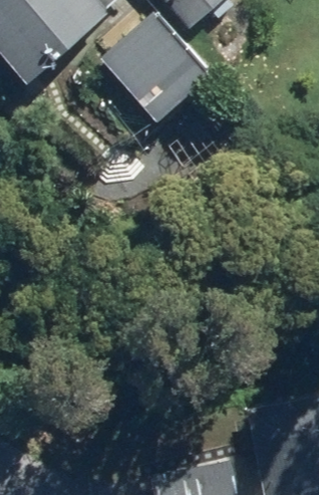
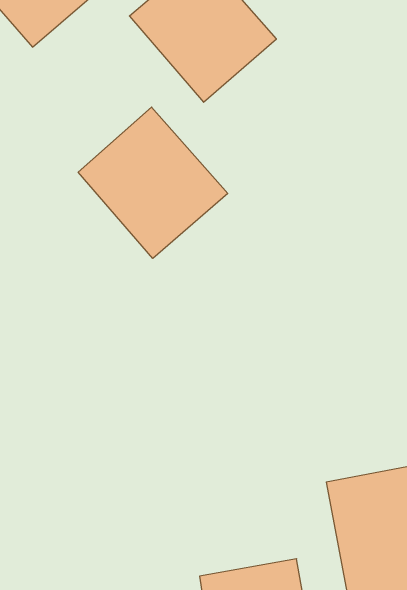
building: none -> [78,107,228,258]

